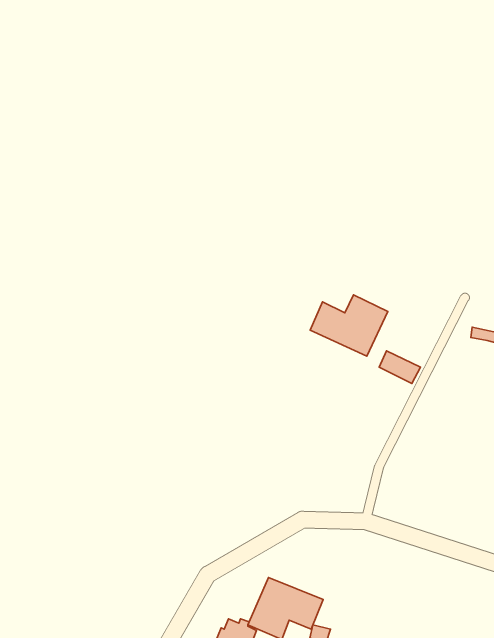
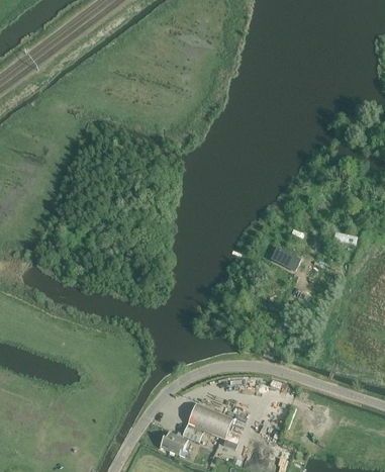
building: [310,295,388,356] -> none

